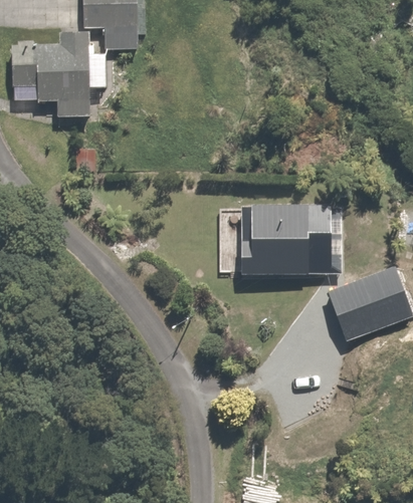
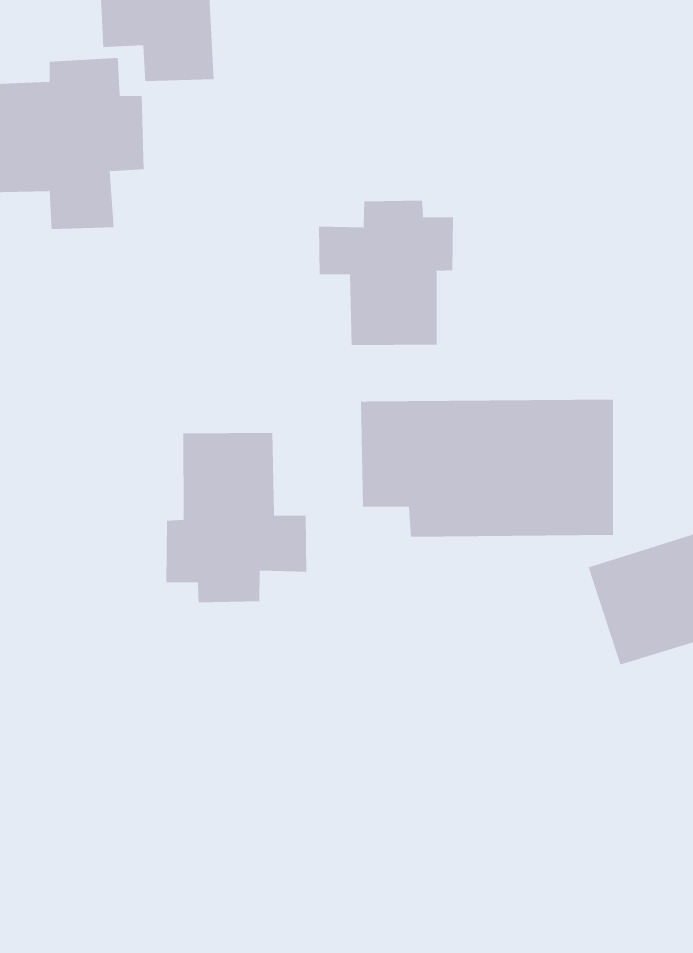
building: none -> [319,200,454,346]
building: none -> [166,432,307,603]

